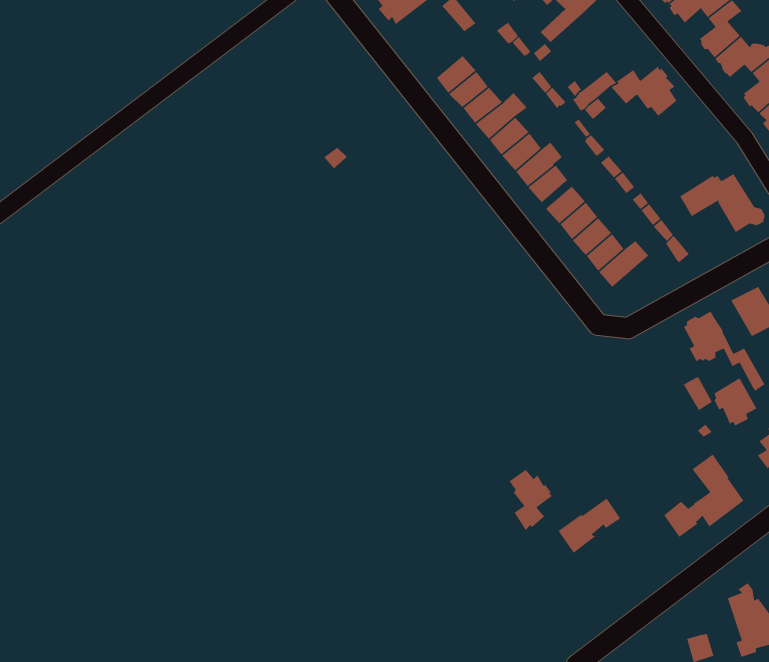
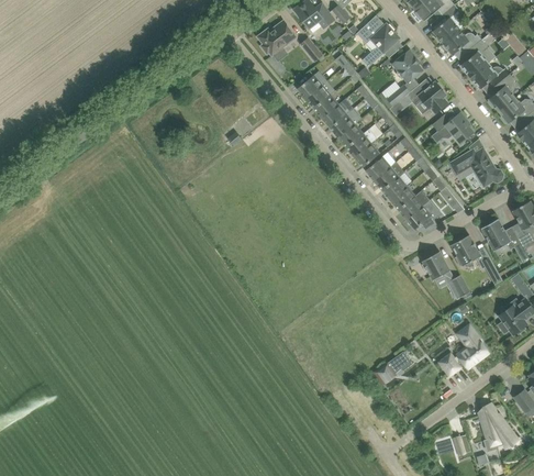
building: none -> [393,49,423,82]
building: none -> [433,112,475,143]
building: none -> [408,200,443,230]
building: [714,377,758,426] -> [423,251,450,281]
building: [509,469,553,531] -> none

